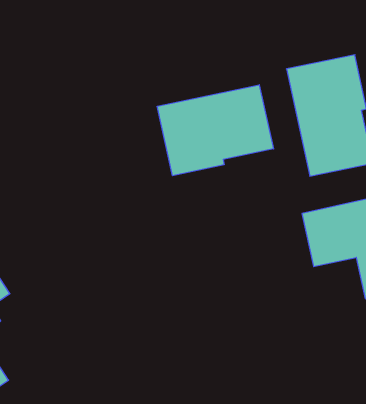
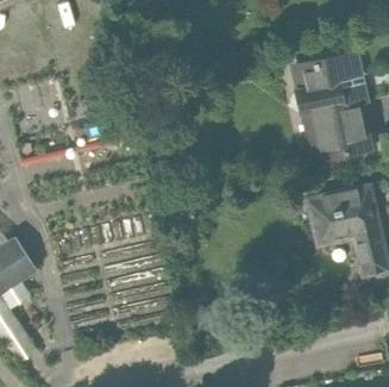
building: [157,85,274,176] -> none

